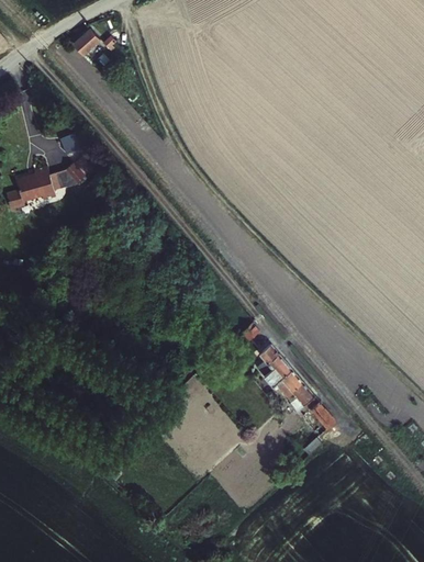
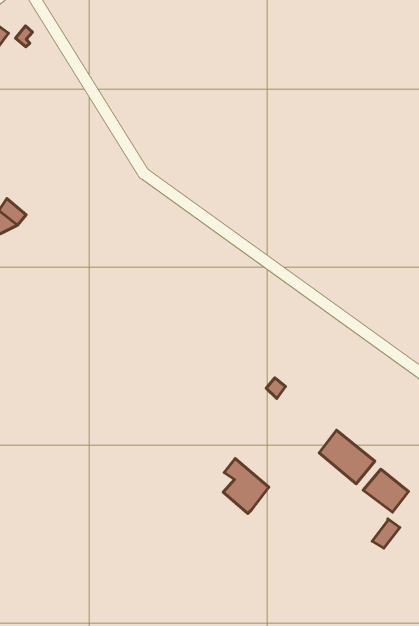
building: [257,344,291,385] -> [223,459,269,513]

